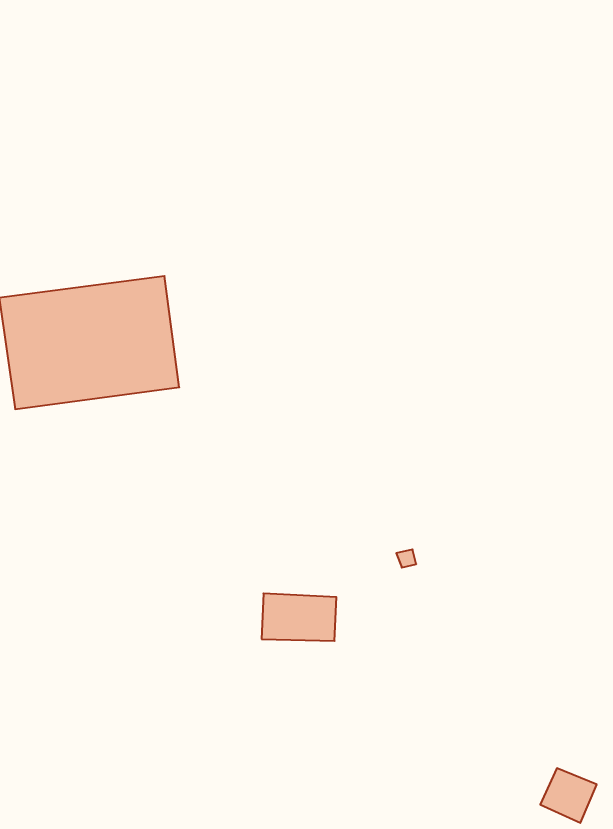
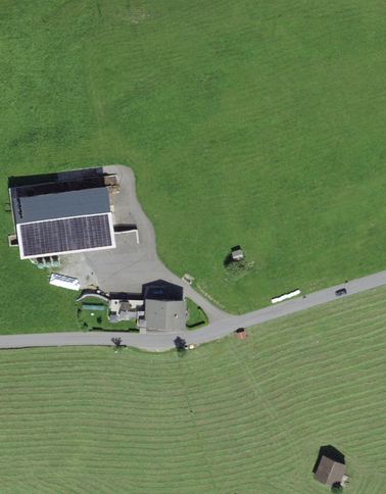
building: [262,593,336,641] -> [146,304,188,331]

